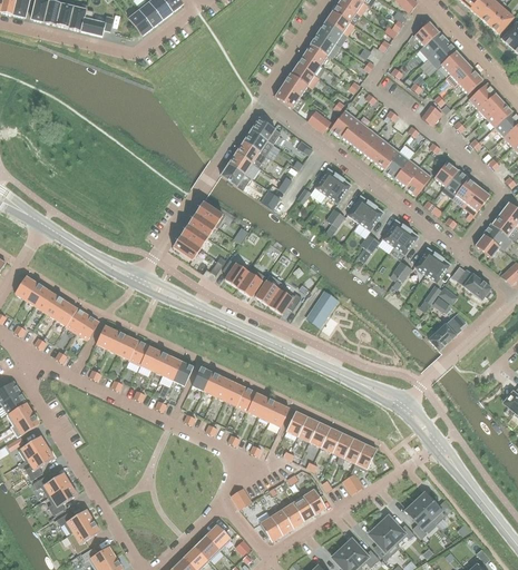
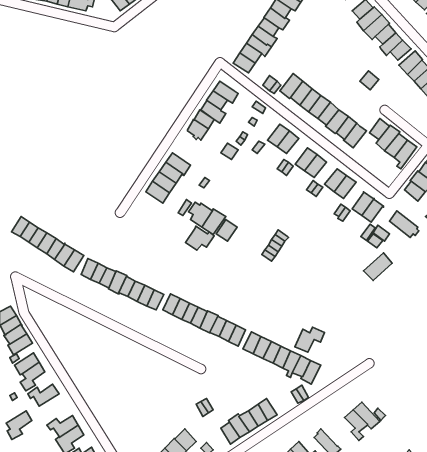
building: [267,285,301,313] -> [186,226,214,250]
building: none -> [295,327,324,352]
building: [47,482,77,515] -> [6,411,32,440]
building: [377,514,413,543] -> none

